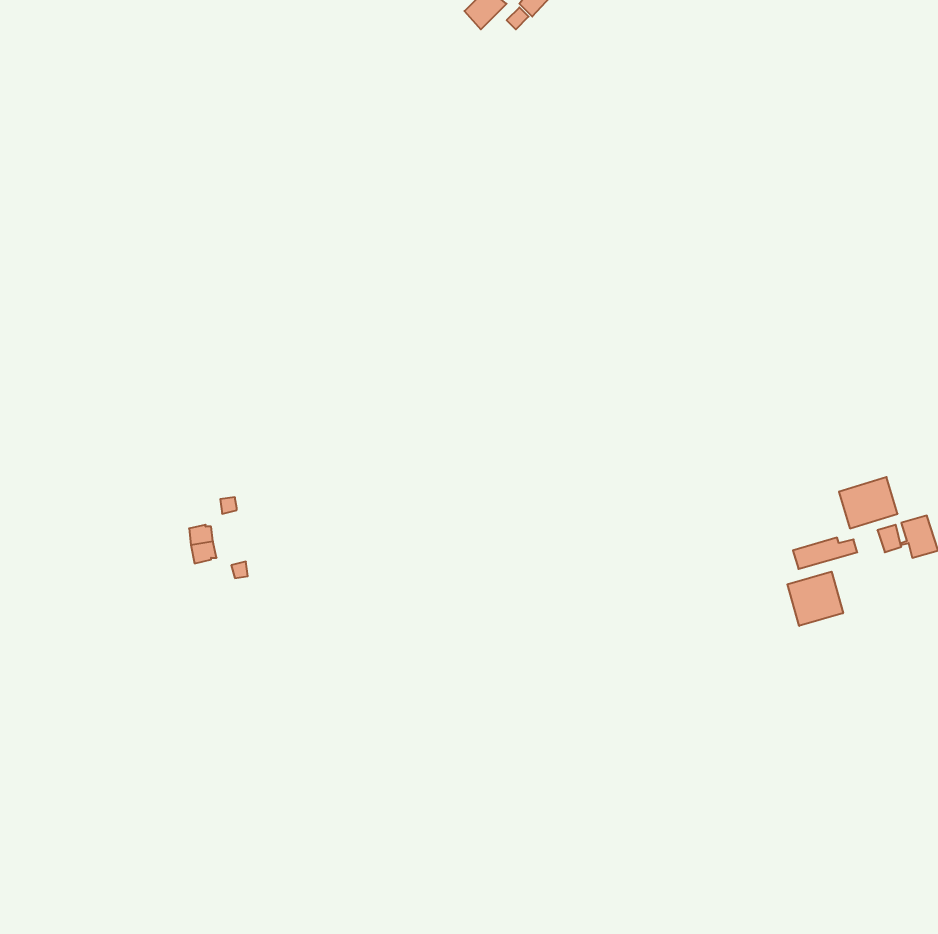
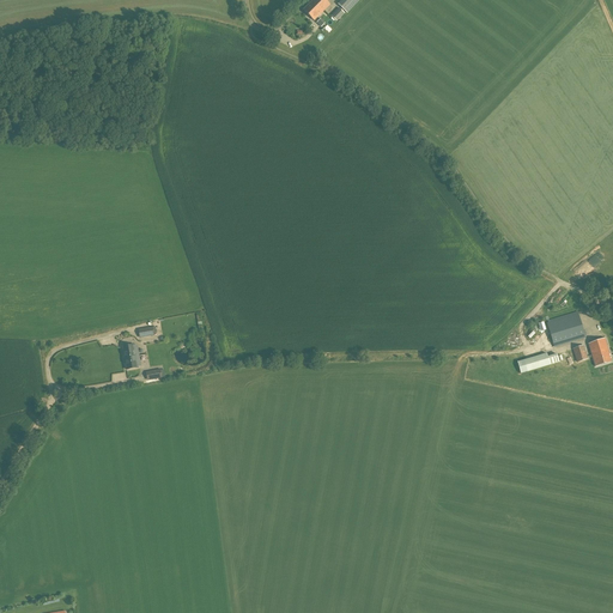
building: [787,572,843,626] -> none

